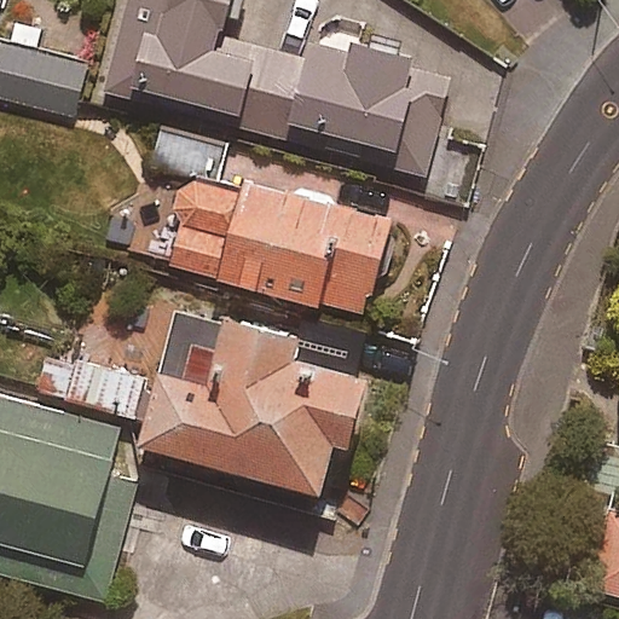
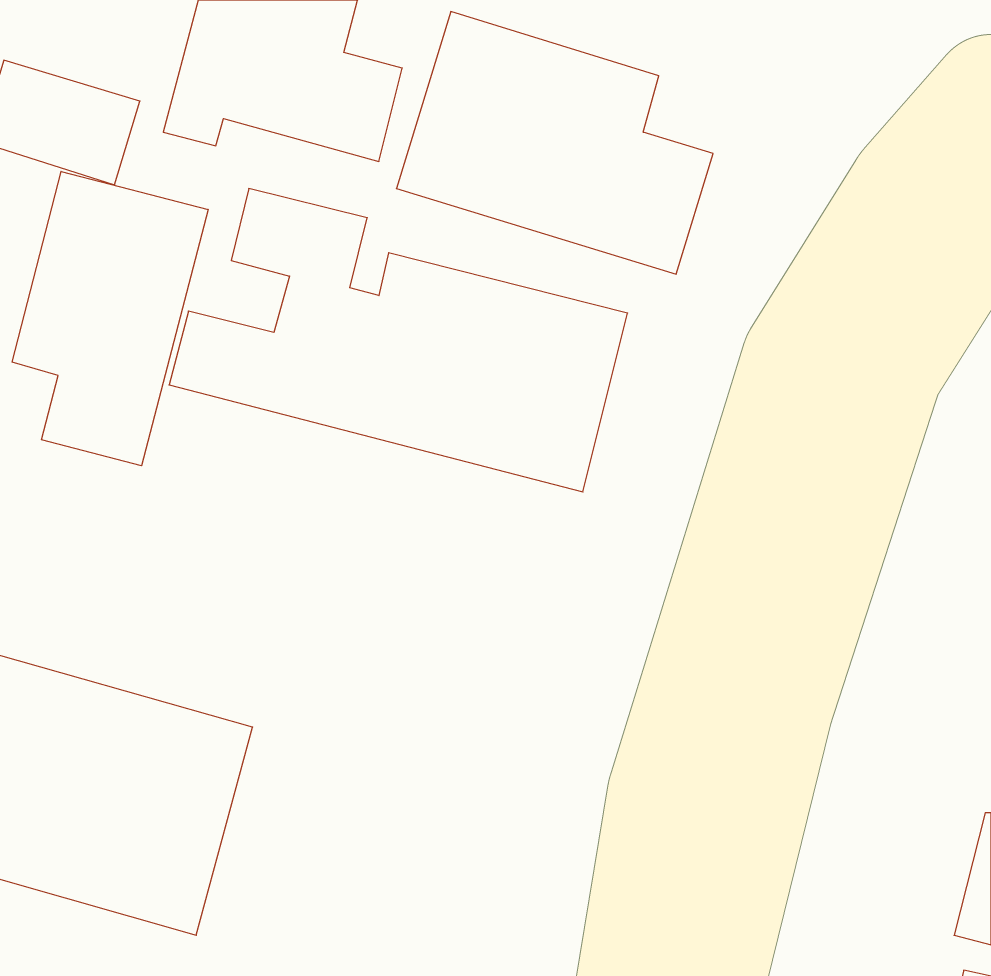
building: none -> [12,171,208,466]
building: [139,305,369,487] -> none

